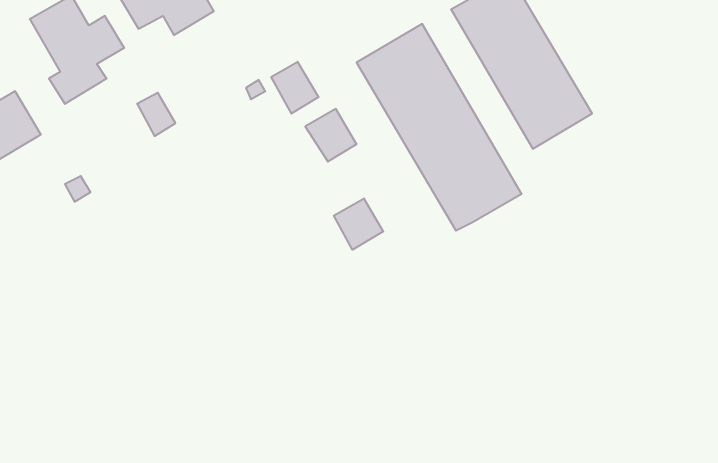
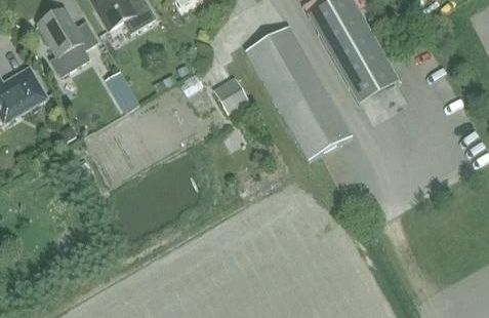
building: [271,62,319,114] -> none
building: [334,198,383,250] -> none

